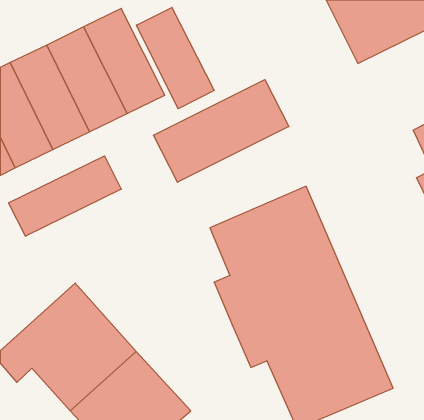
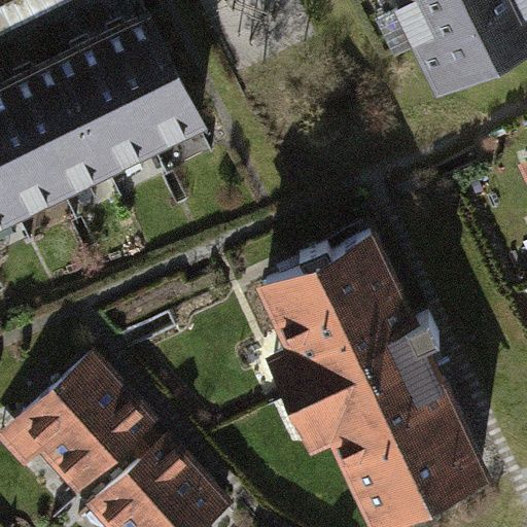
building: [136,7,214,109] -> none
building: [153,80,289,182] -> none
building: [9,156,121,236] -> none

